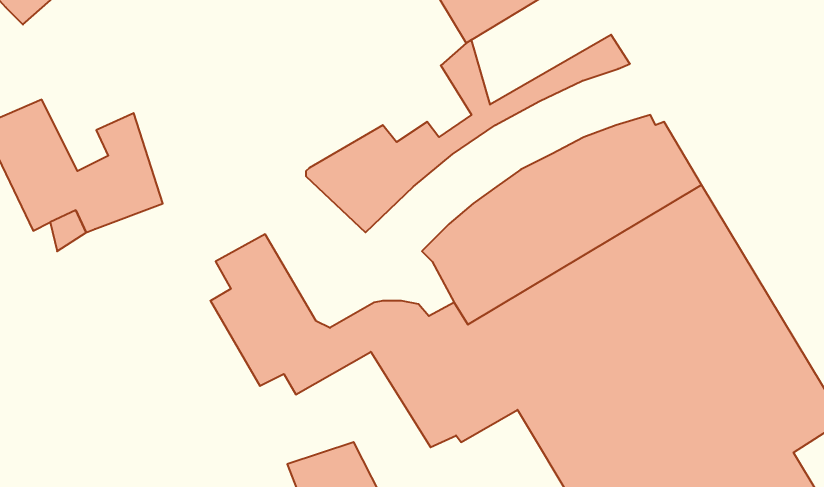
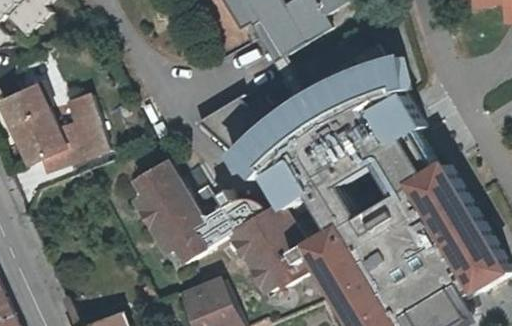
building: none -> [224,59,407,186]

